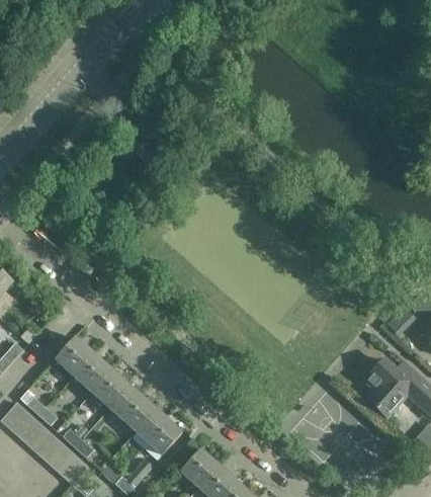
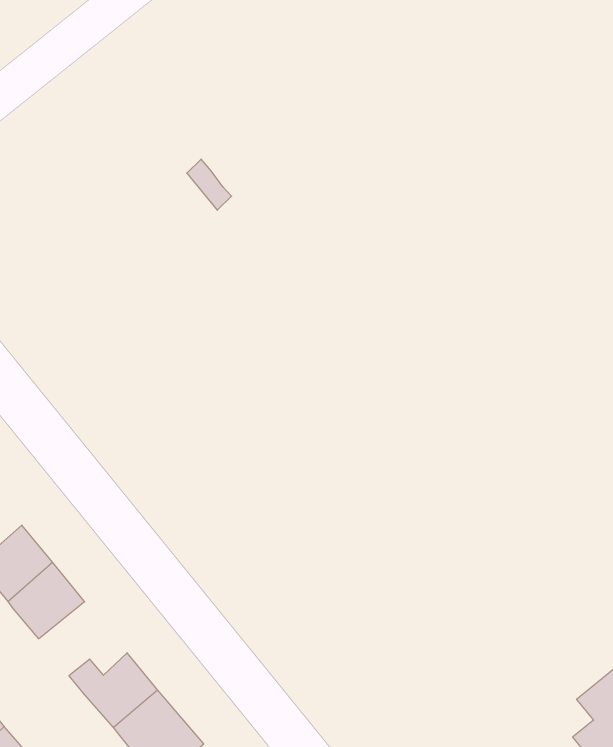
building: [91,370,137,409] -> none

